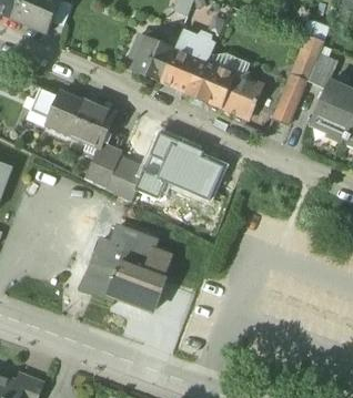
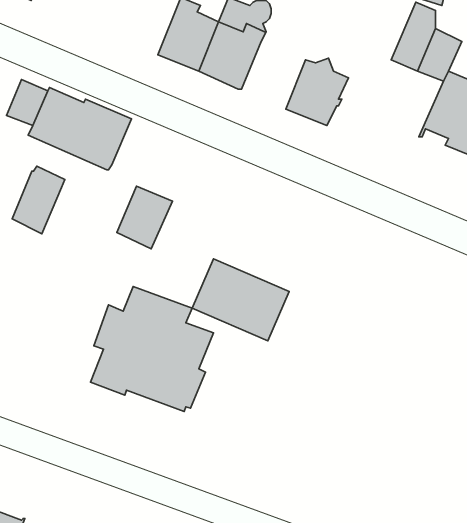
building: [188,60,233,105] -> none
building: [273,72,309,123] -> none
building: [85,143,121,188] -> [12,166,65,234]
building: [157,144,222,200] -> [192,259,289,341]

